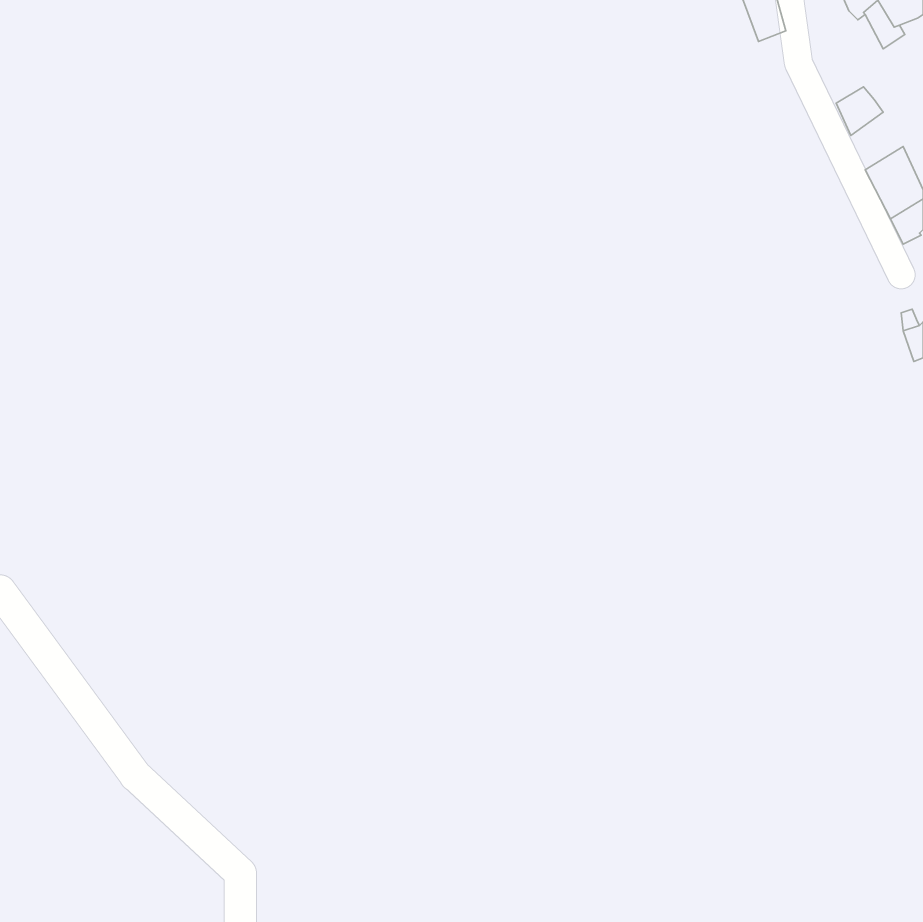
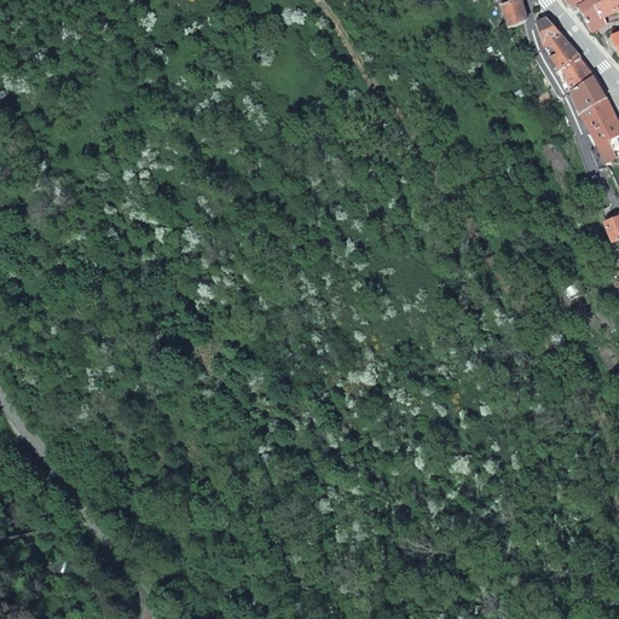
building: none -> [536,18,579,70]
building: none -> [569,75,604,114]

